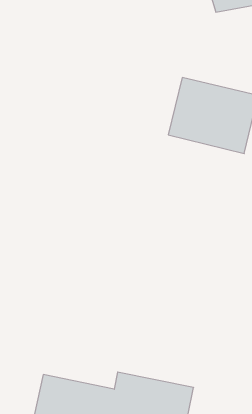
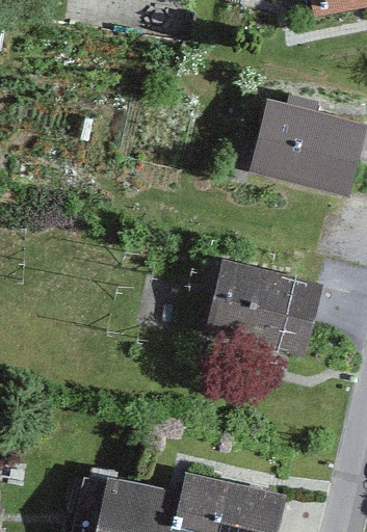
building: none -> [204,261,321,355]

